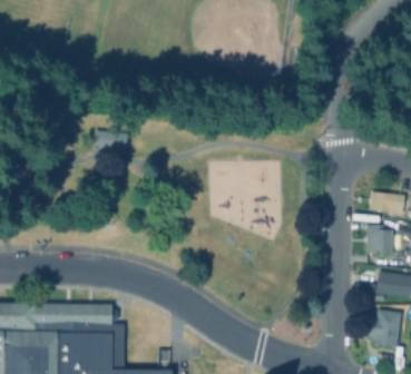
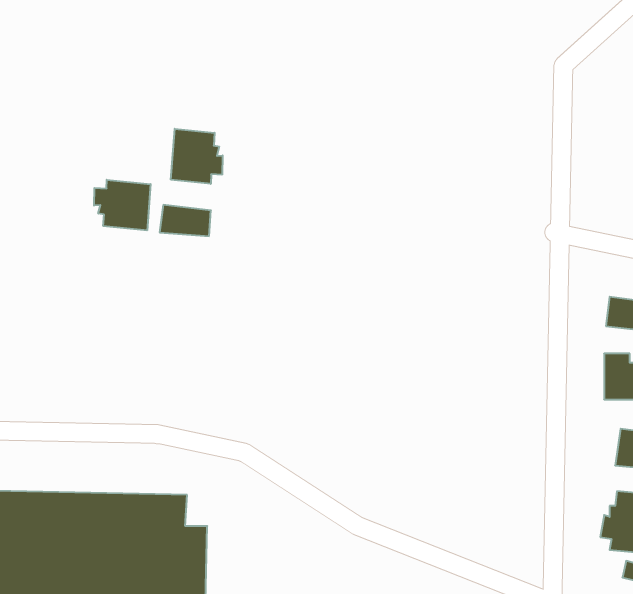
building: none -> [171,129,223,184]
building: none -> [94,180,151,230]

